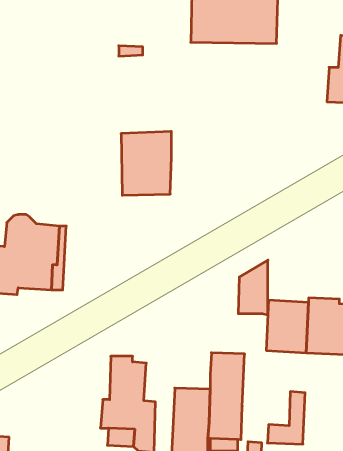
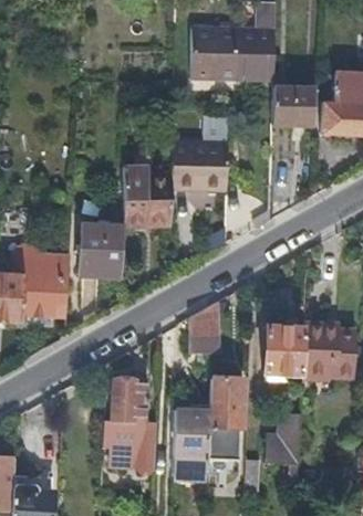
building: none -> [273,86,317,127]
building: none -> [172,116,229,190]
building: none -> [79,223,124,276]
building: [238,260,268,315] -> [188,304,217,357]

